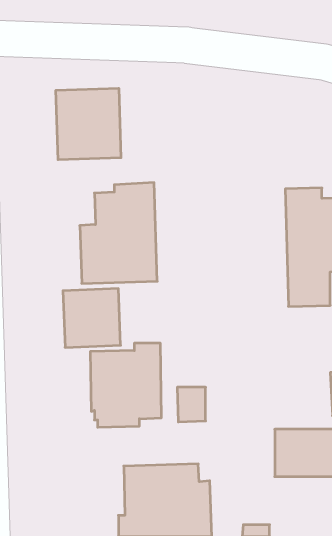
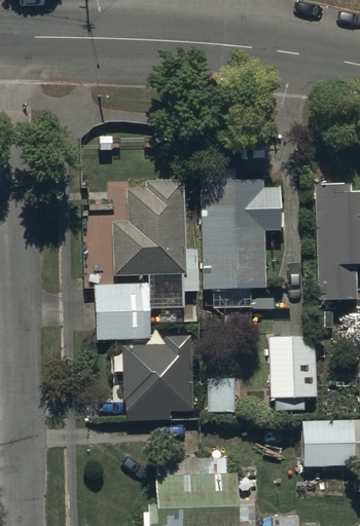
building: [56,88,121,160] -> none
building: none -> [199,170,281,289]
building: none -> [269,336,317,400]

